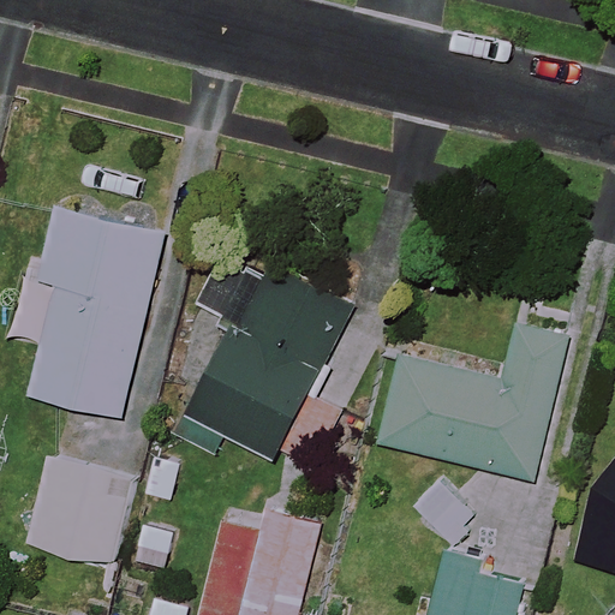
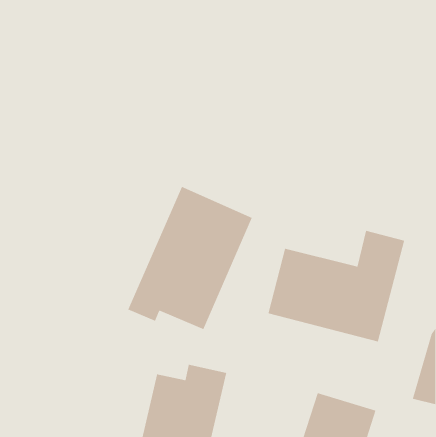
building: [26,208,166,417] -> none
building: [29,458,130,565] -> none

